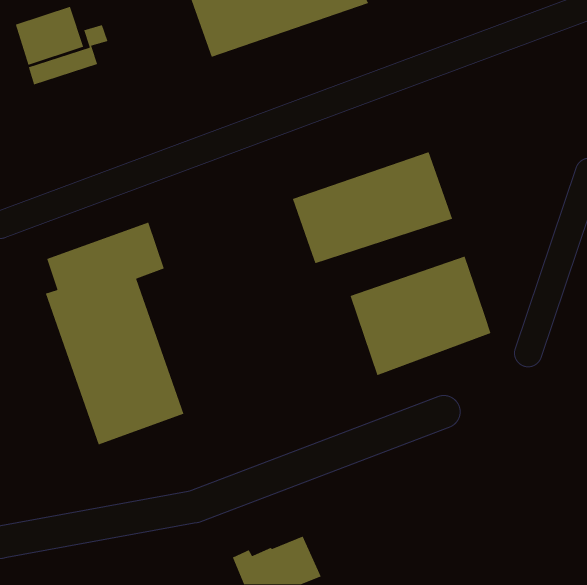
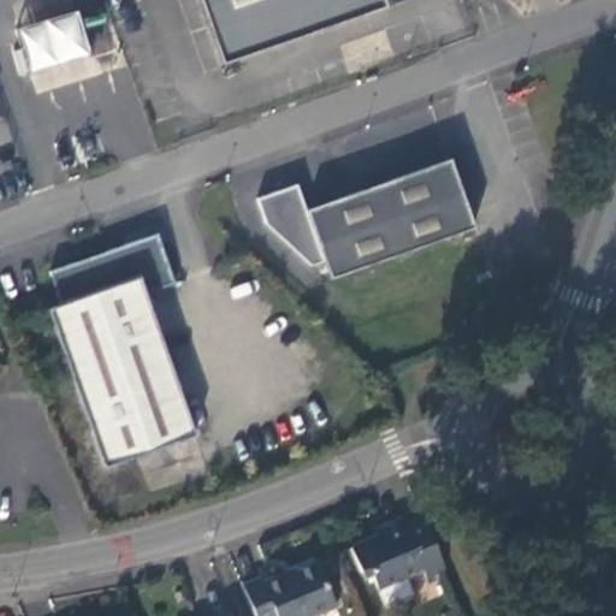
building: none -> [257,182,325,263]
building: [350,256,492,376] -> none
building: none -> [355,514,450,584]

